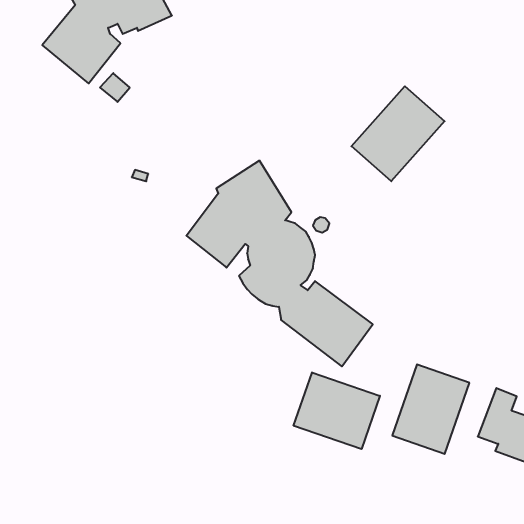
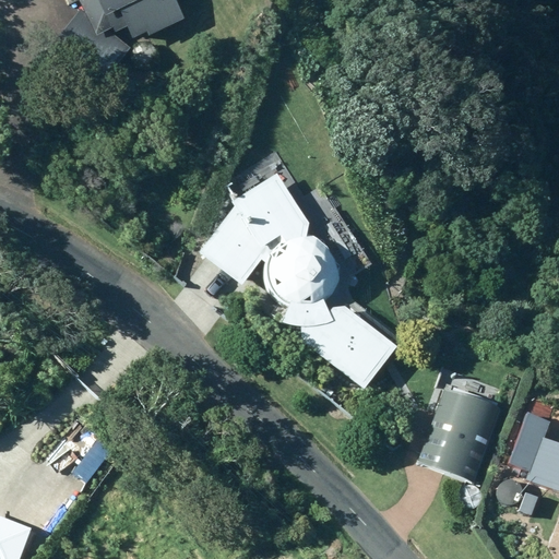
building: [351,86,445,181] -> none
building: [294,372,380,449] -> none

